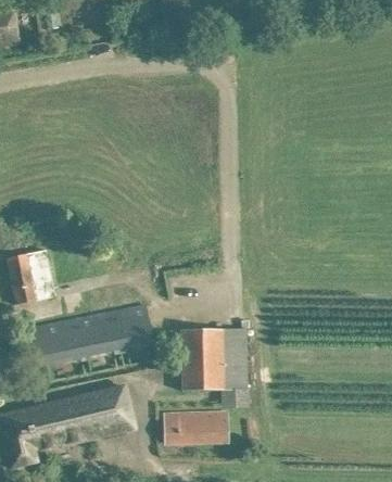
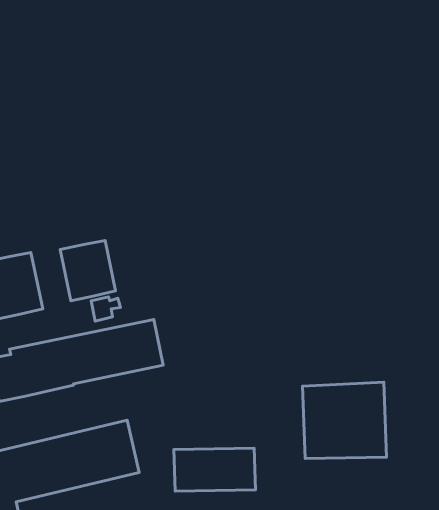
building: none -> [60,241,116,301]
building: [180,326,249,388] -> [302,382,387,459]

